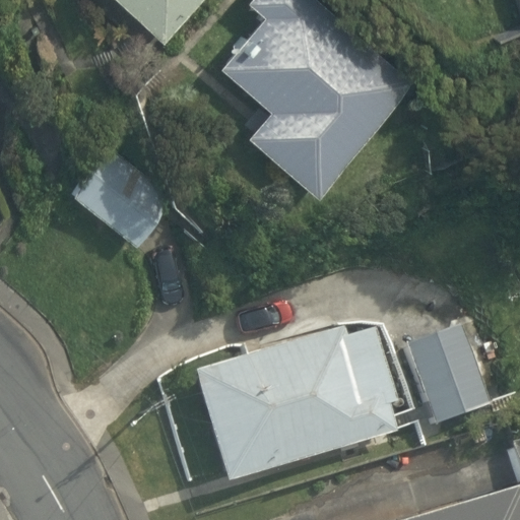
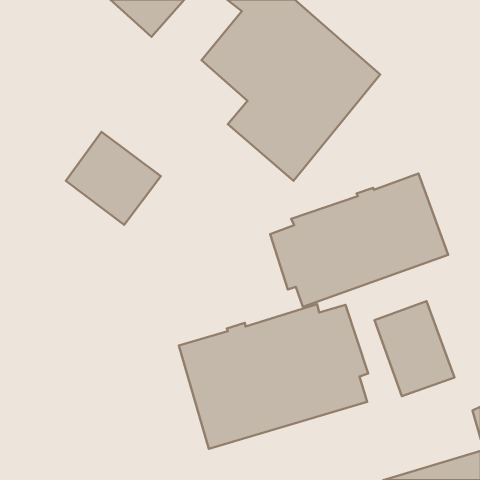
building: none -> [270,174,448,307]

